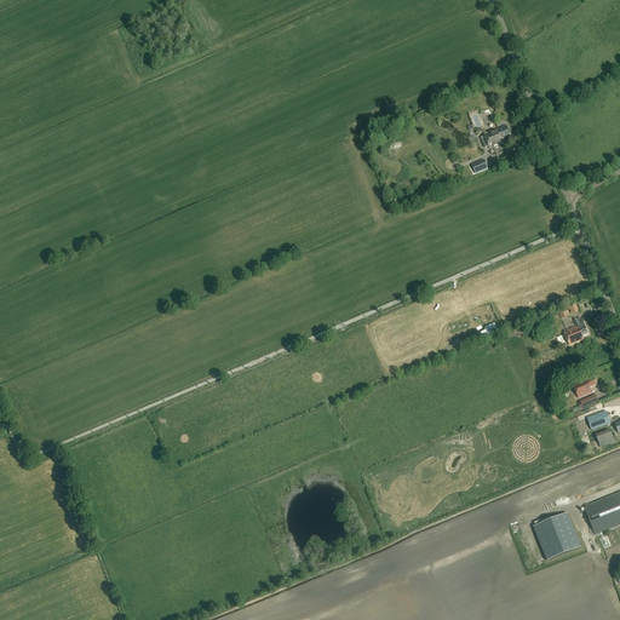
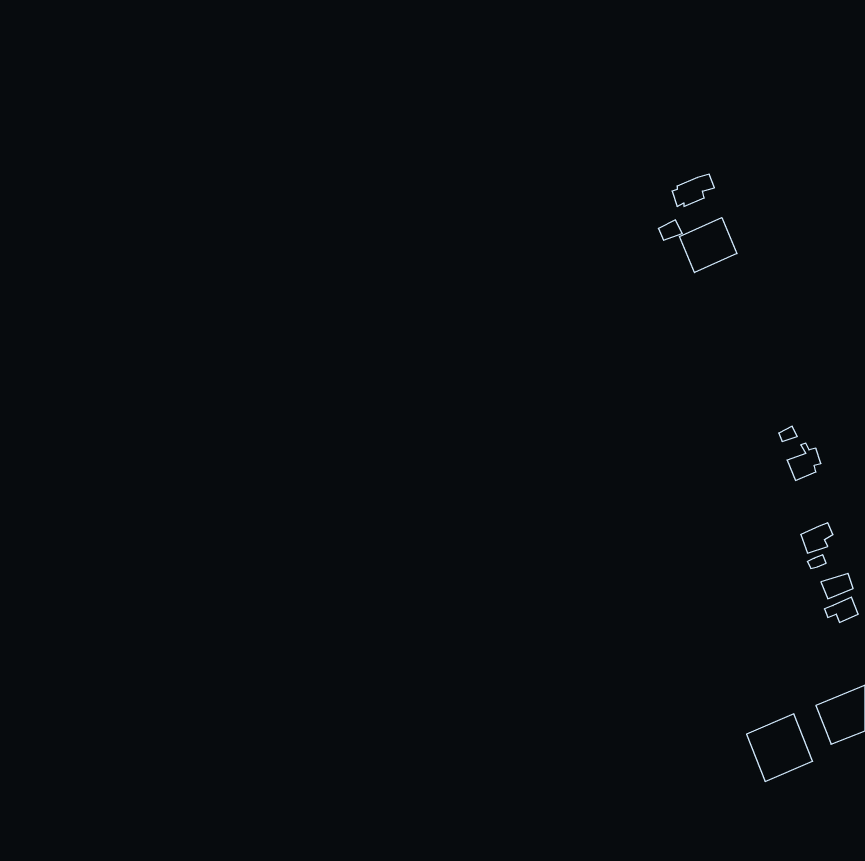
building: none -> [680,218,737,273]

